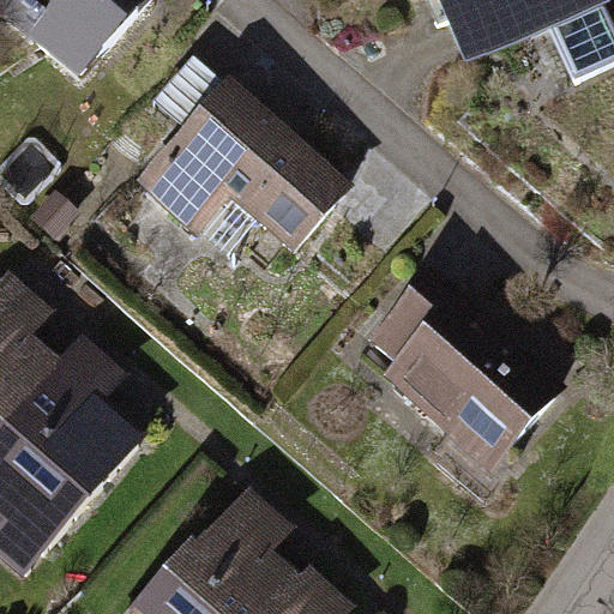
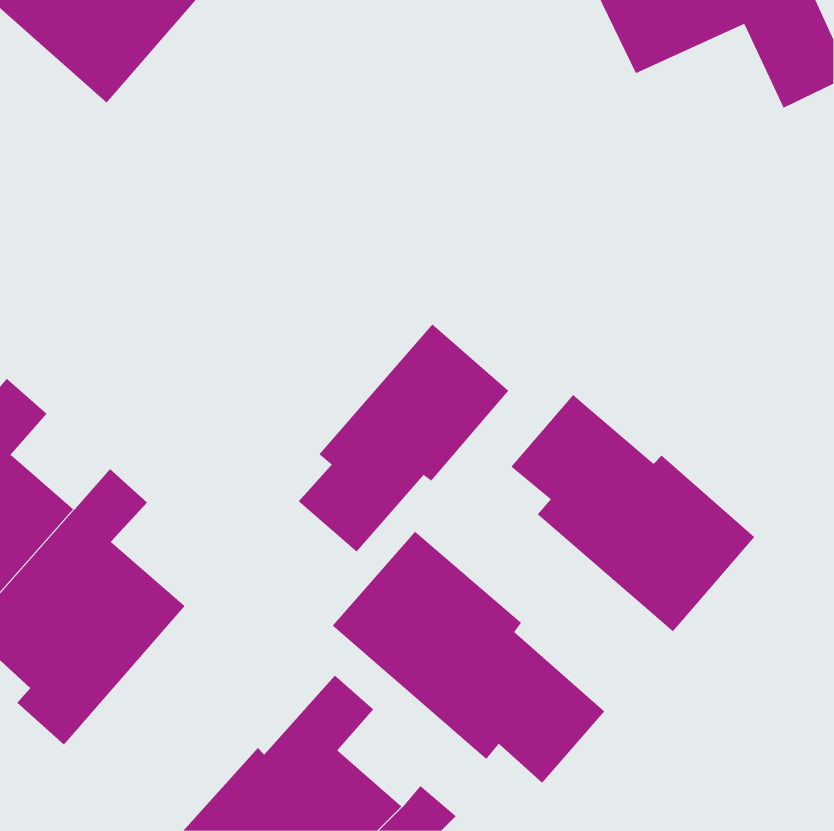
building: [146,90,342,247] -> none
building: none -> [298,323,509,553]
building: none -> [332,531,605,783]

